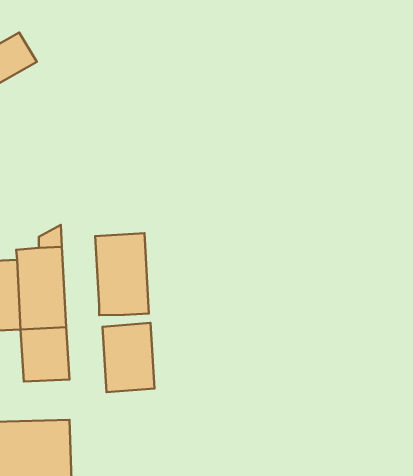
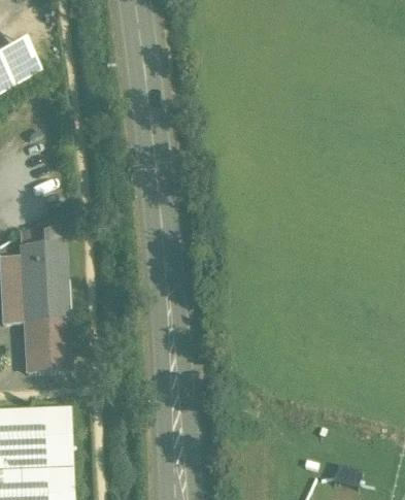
building: [95,233,149,315] -> none
building: [102,323,155,392] -> none

